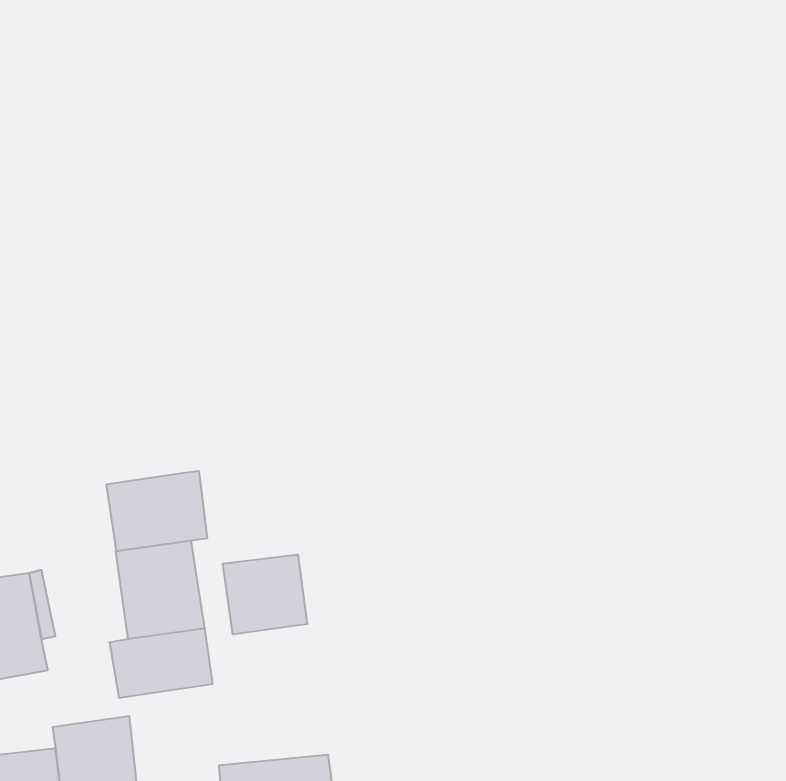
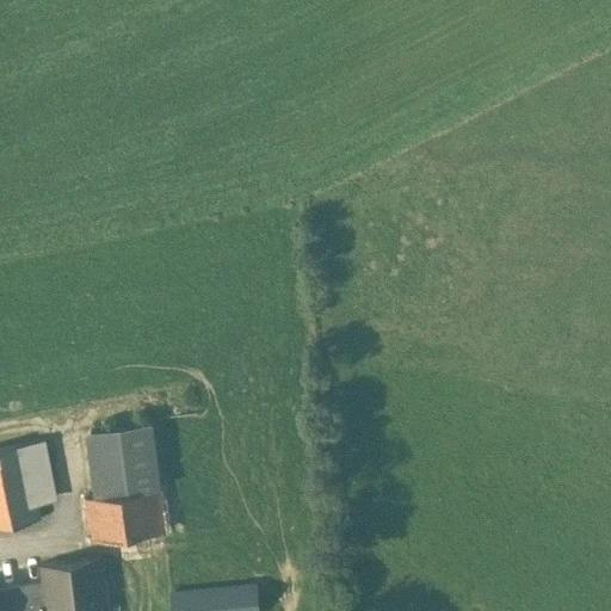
building: [107,471,207,551] -> none
building: [223,554,307,634] -> none

